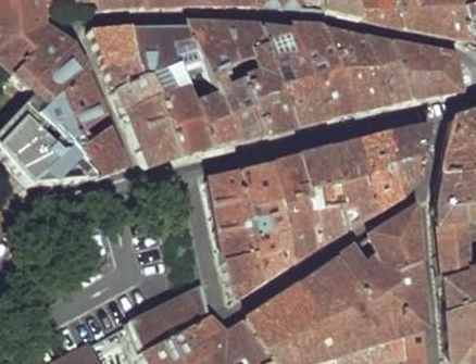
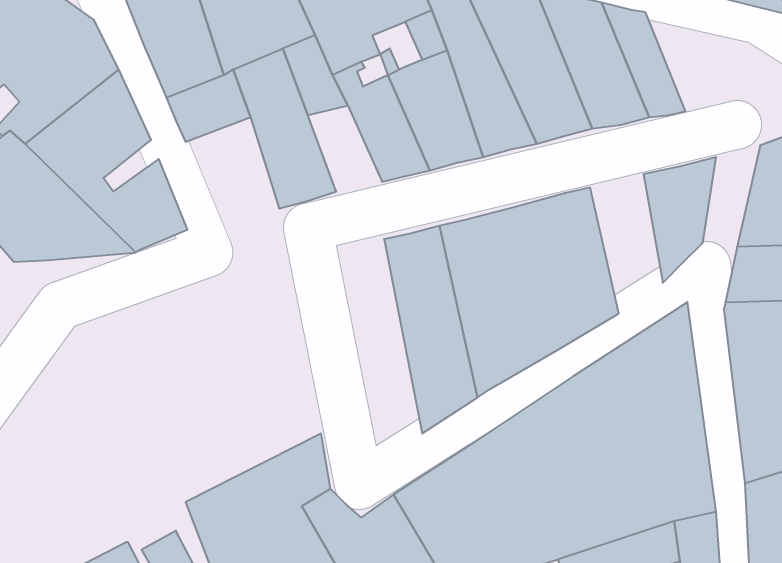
building: [390,41,460,98] -> none
building: [198,95,240,143] -> none
building: [128,101,181,165] -> none
building: [359,134,400,213] -> none
building: [211,171,263,301] -> none

